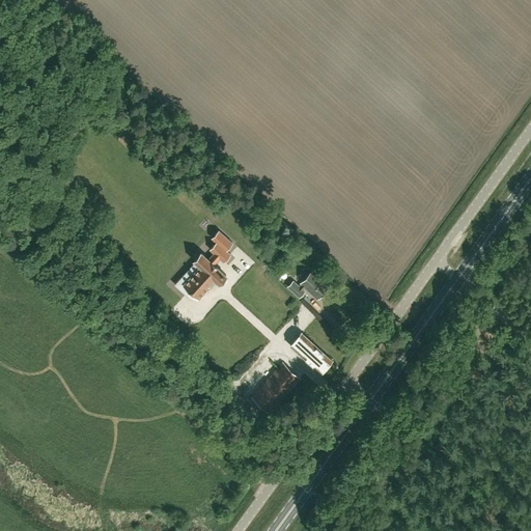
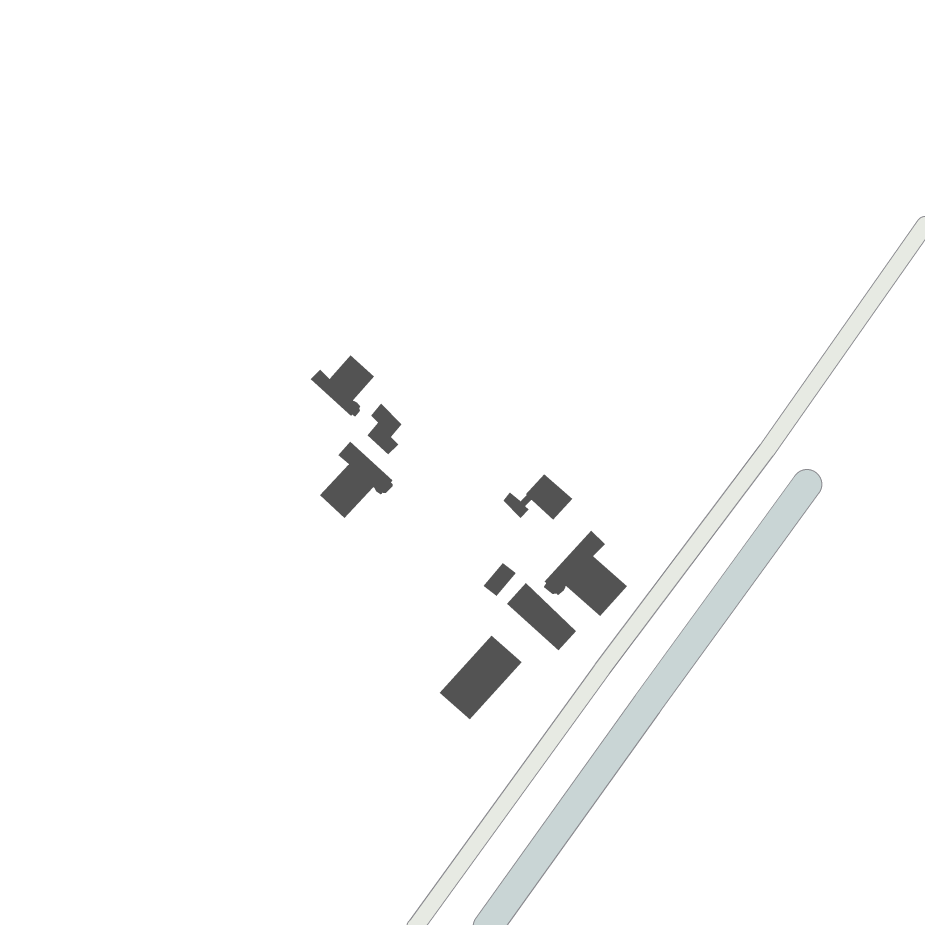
building: none -> [310,355,375,417]
building: none -> [543,530,628,617]

